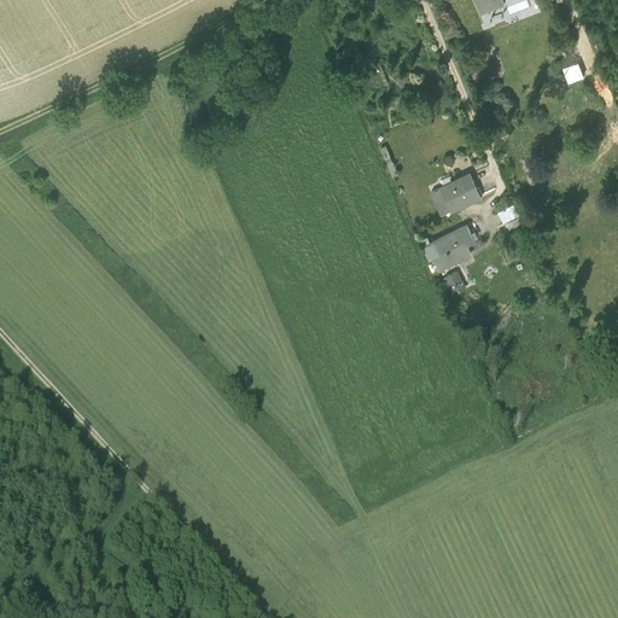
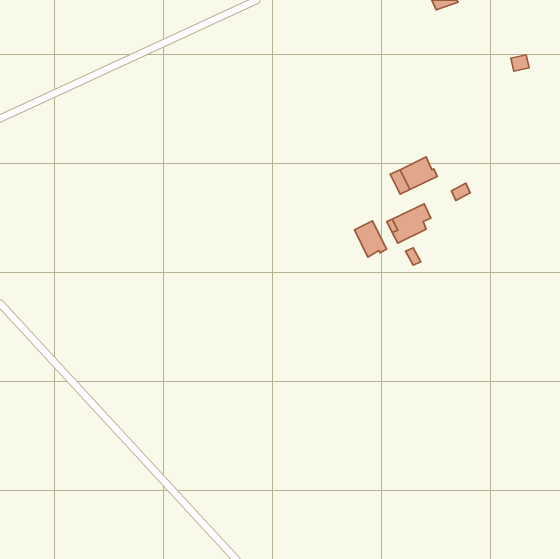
building: none -> [354,221,387,257]

